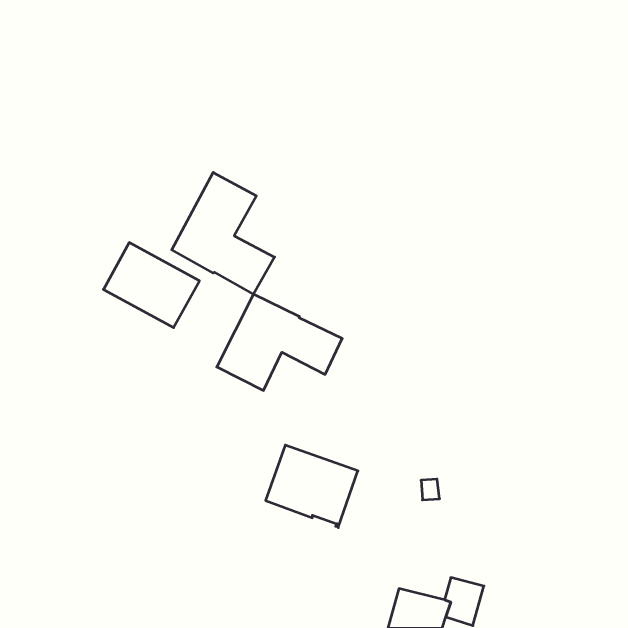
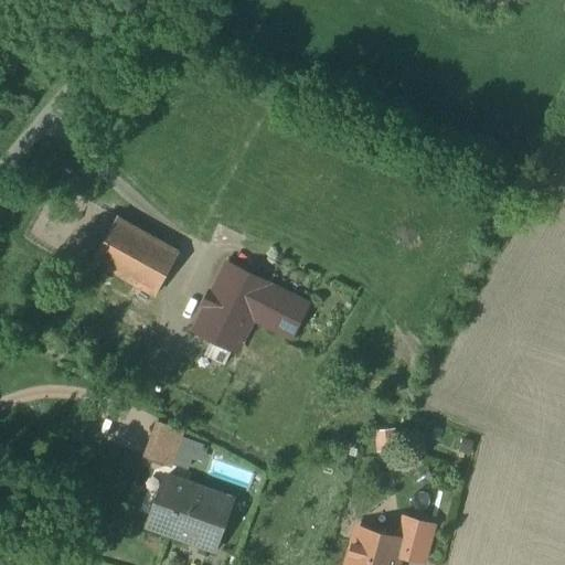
building: [172,172,275,294] -> none
building: [266,445,358,528] -> [149,475,232,548]

